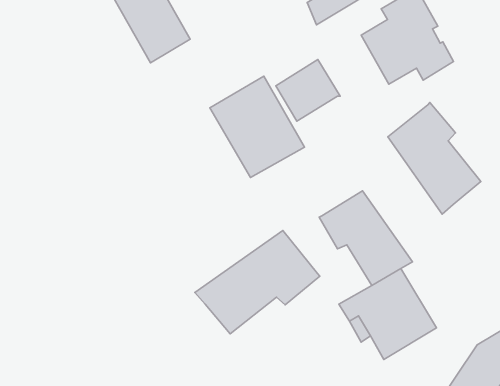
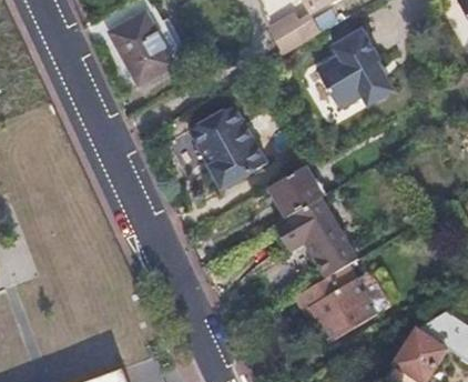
building: [276,59,340,121] -> [266,165,321,218]
building: [388,102,481,214] -> none
building: [195,231,320,334] -> none

